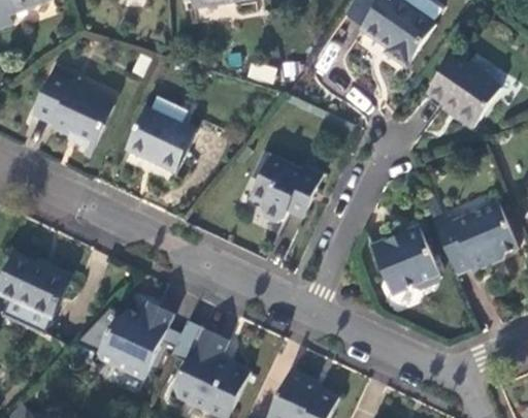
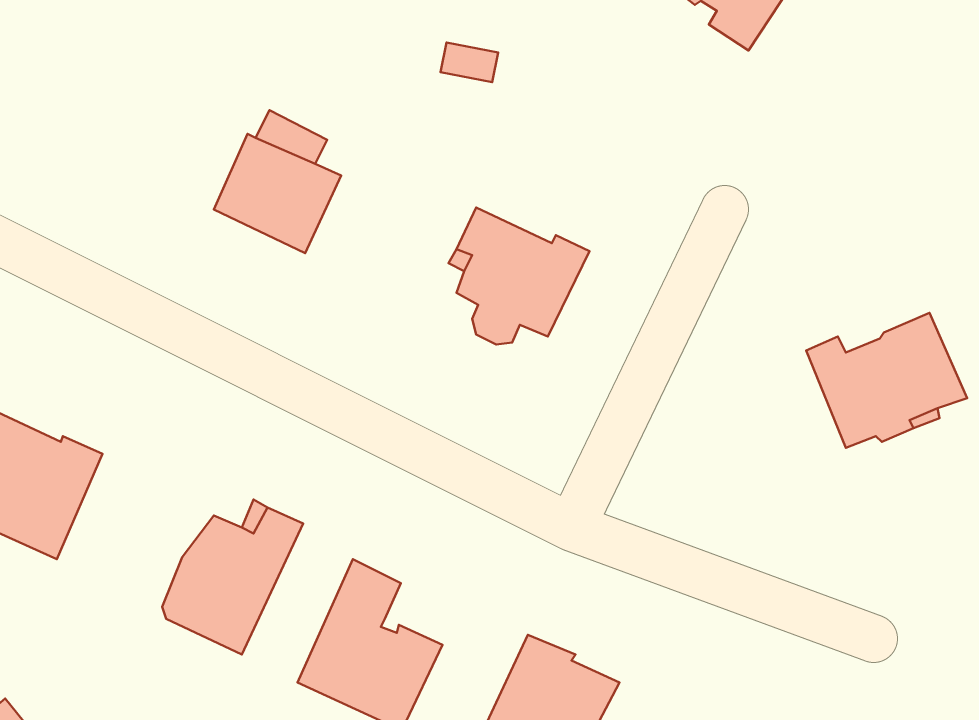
building: [429,53,501,124] -> none
building: [31,66,111,155] -> none
building: [369,224,438,291] -> none

